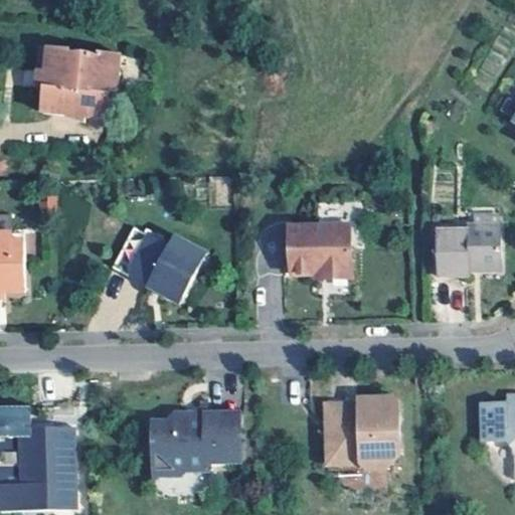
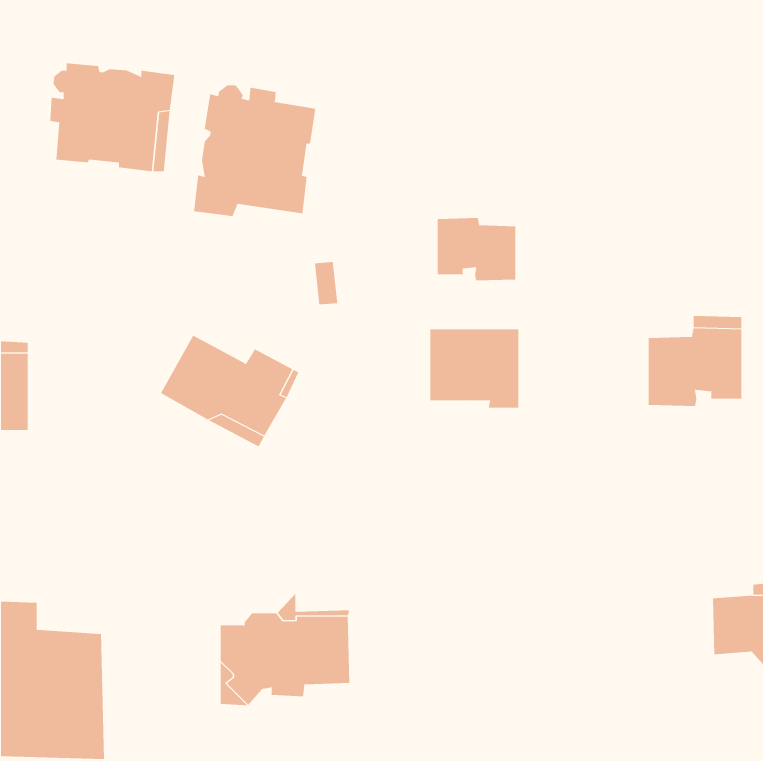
building: none -> [194,84,316,217]
building: none -> [437,217,516,281]
building: [324,399,397,471] -> none

